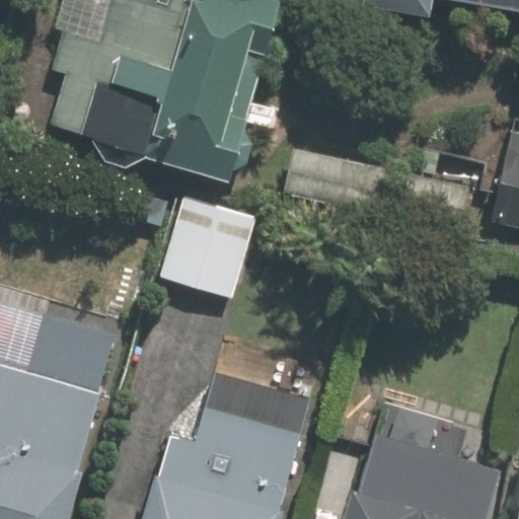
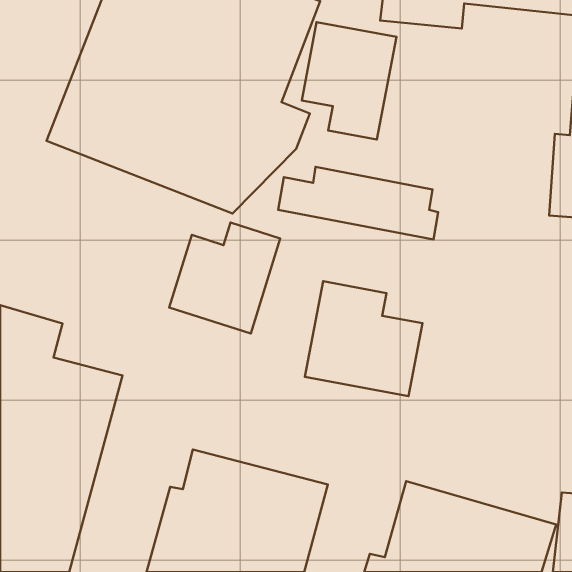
building: none -> [302,22,397,139]
building: none -> [305,281,422,396]

